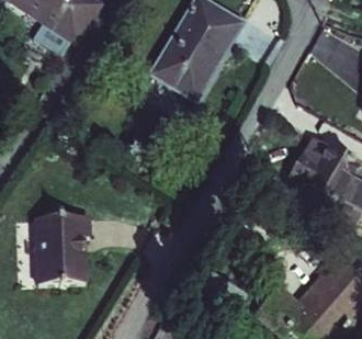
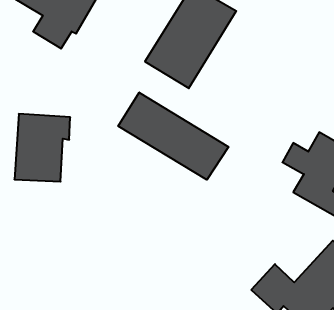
building: none -> [118,92,228,180]
building: [41,216,98,285] -> [14,114,70,182]

